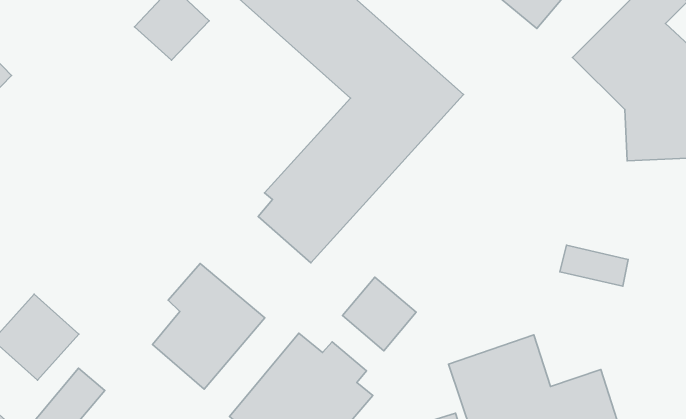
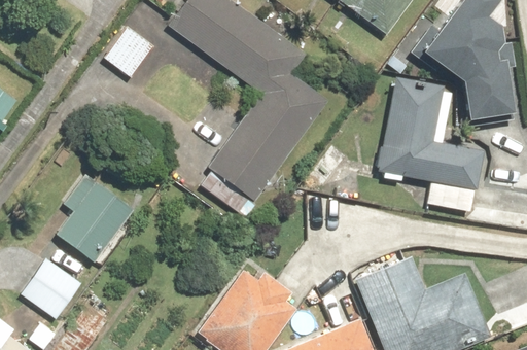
building: none -> [378,77,484,188]
building: [153,263,265,389] -> [56,173,135,264]
building: [342,277,416,351] -> none

